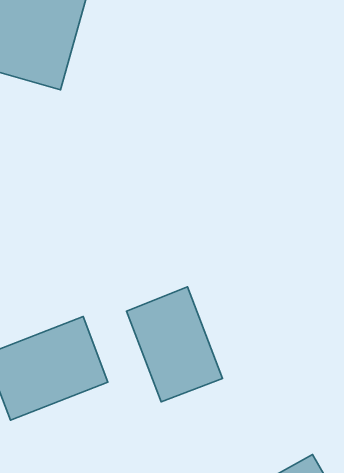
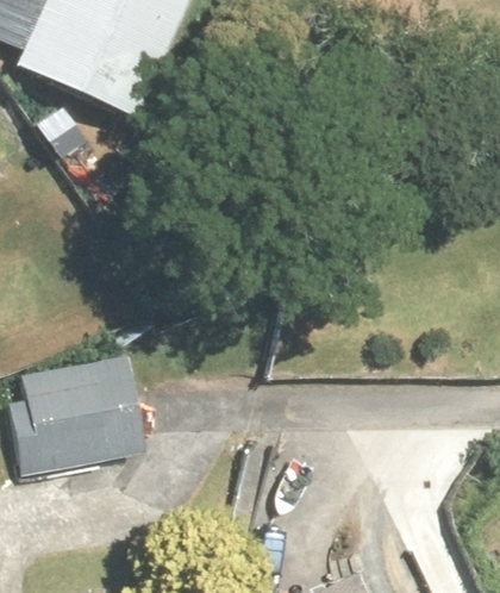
building: [127,287,223,402] -> none

